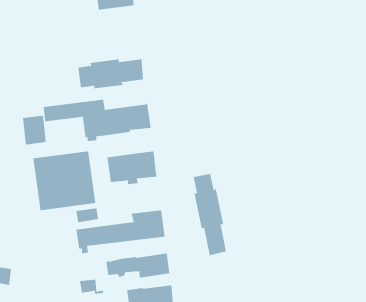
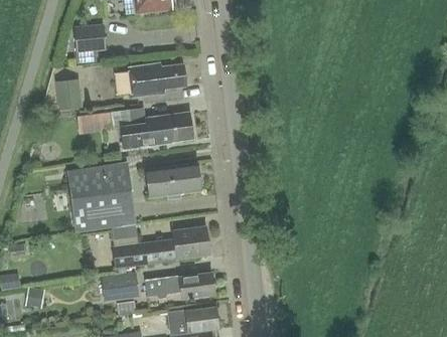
building: none -> [73,24,107,52]
building: [22,115,47,145] -> [56,78,83,111]
building: [193,173,227,256] -> none
building: none -> [101,269,139,302]

